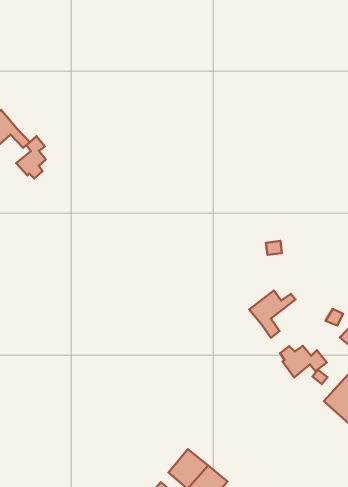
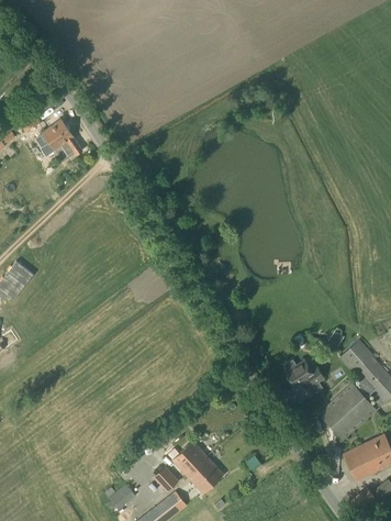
building: [16,136,46,178] -> none
building: [249,291,296,338] -> none

